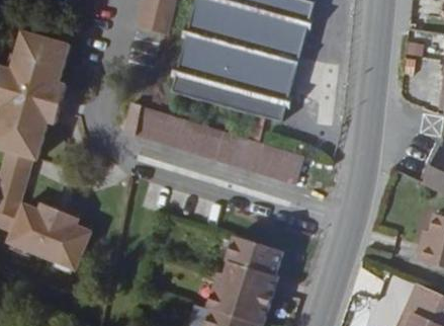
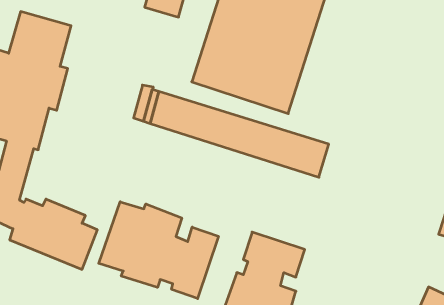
building: none -> [99,202,218,299]

